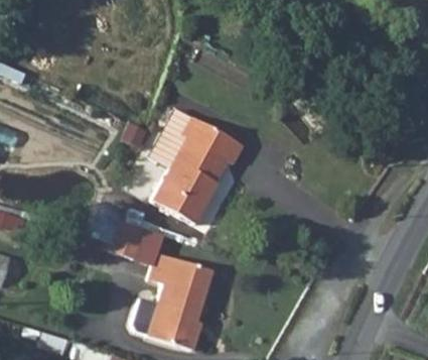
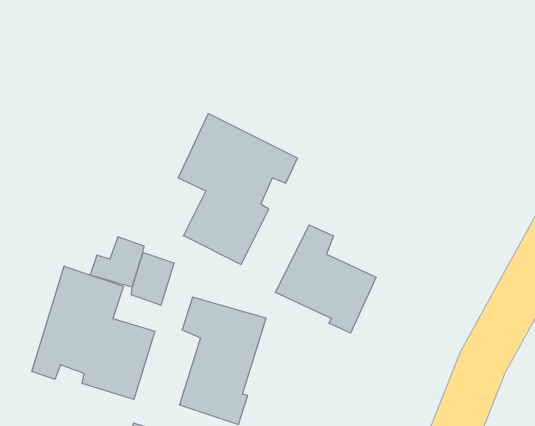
building: none -> [275,225,376,333]
building: none -> [32,266,155,400]

